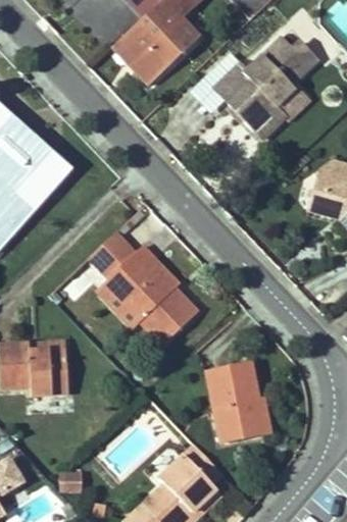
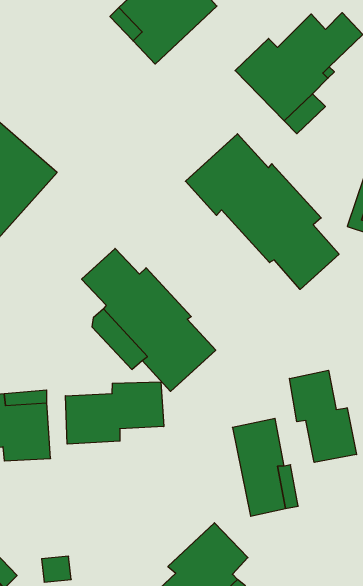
building: none -> [185,134,339,289]
building: none -> [289,370,357,462]
building: none -> [65,382,164,444]

